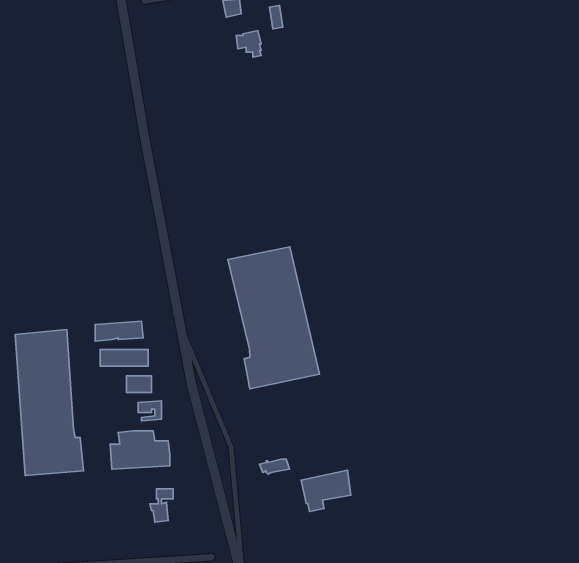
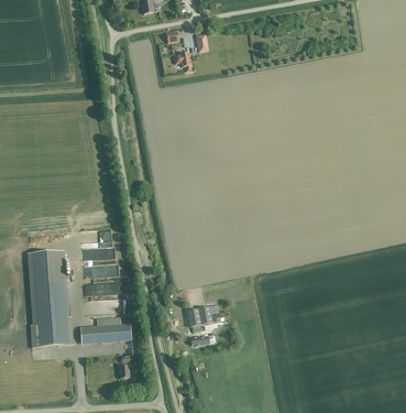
building: [228,247,320,389] -> none
building: [301,470,351,512] -> [186,304,219,332]

